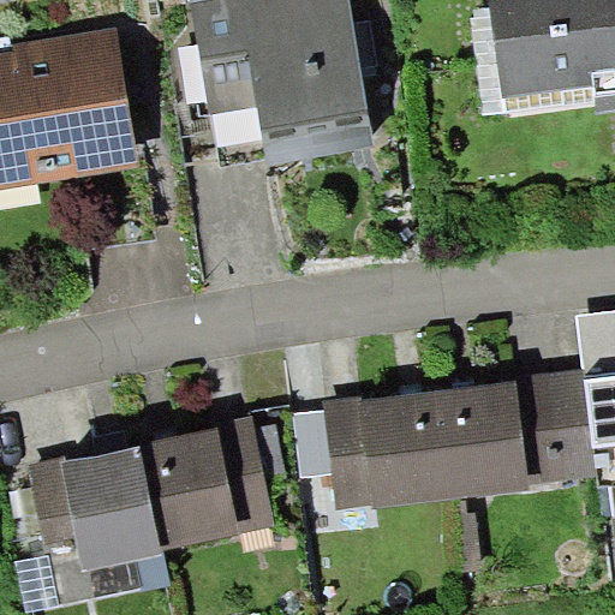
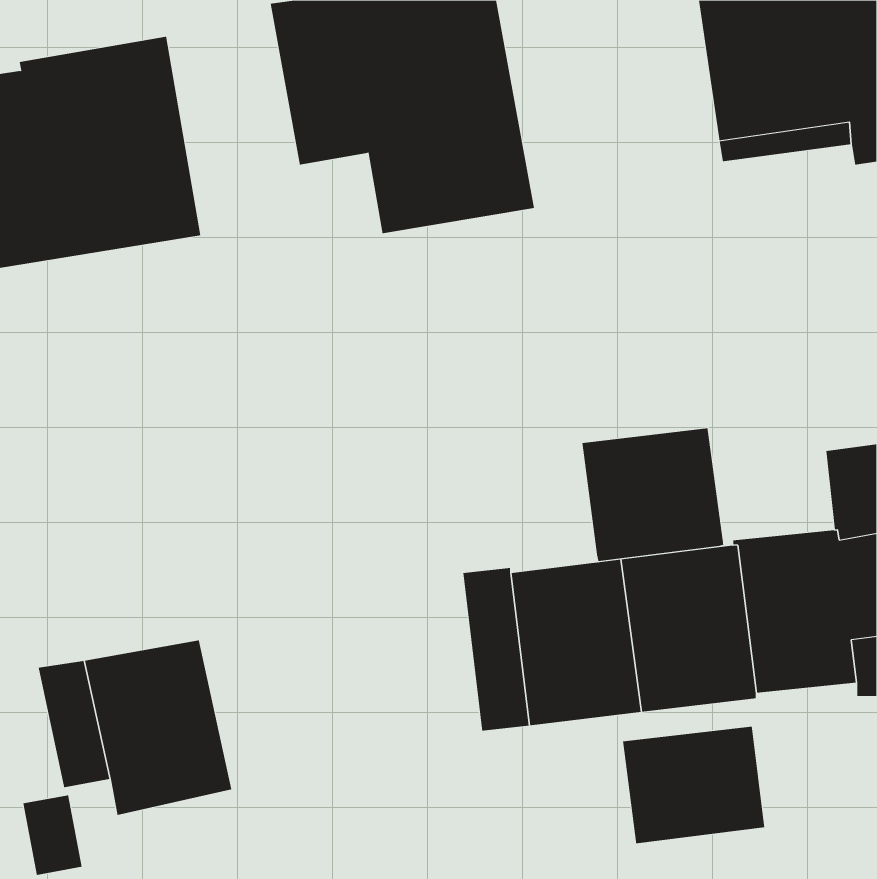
building: none -> [582,427,724,562]
building: [138,417,273,551] -> none
building: none -> [622,726,765,844]

